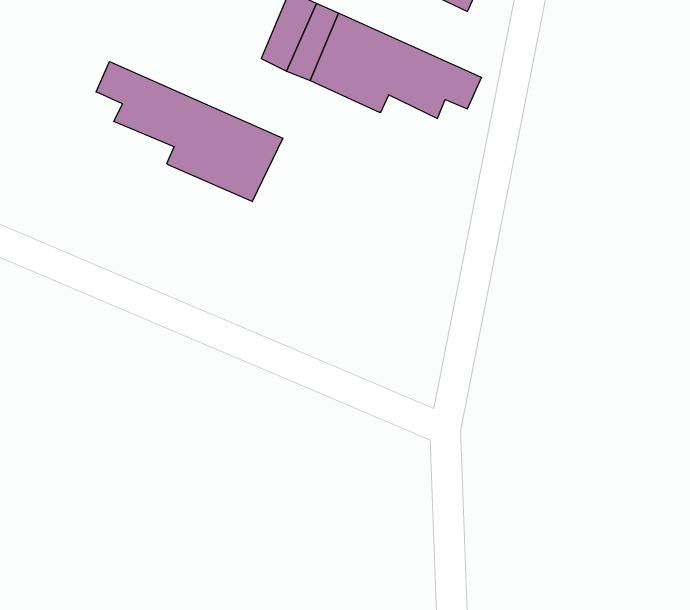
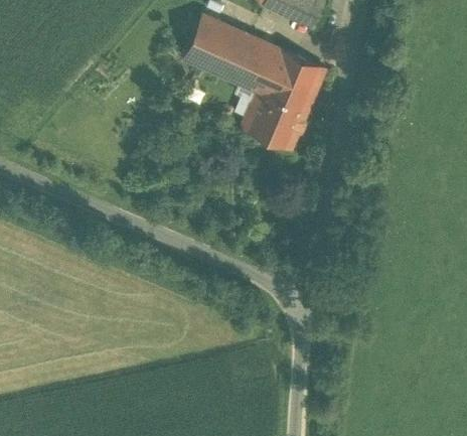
building: [96,62,283,202] -> none
building: none -> [244,82,315,149]

